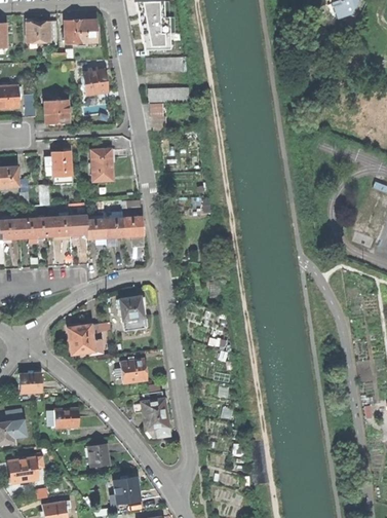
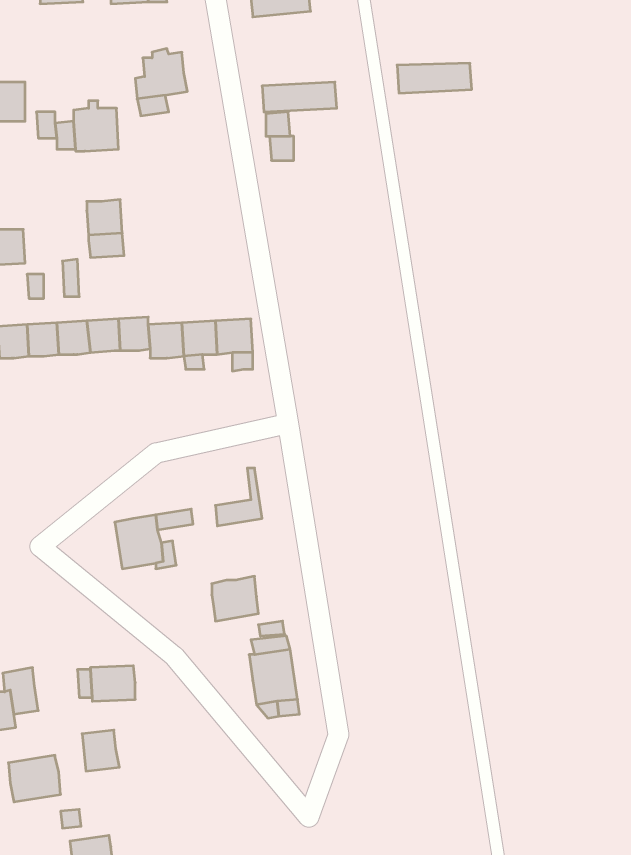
building: [145,55,186,72] -> [397,63,472,93]
building: [91,148,112,180] -> none
building: [116,295,142,319] -> none
building: [18,371,41,392] -> none
building: [88,443,109,466] -> [82,730,119,771]
building: [113,476,140,503] -> none

